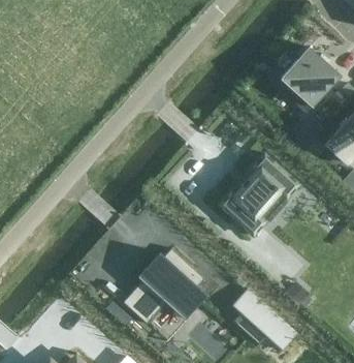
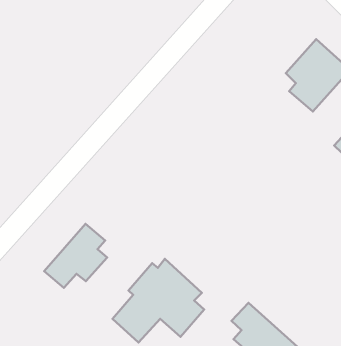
building: [218,152,299,236] -> none
building: none -> [44,224,107,288]

